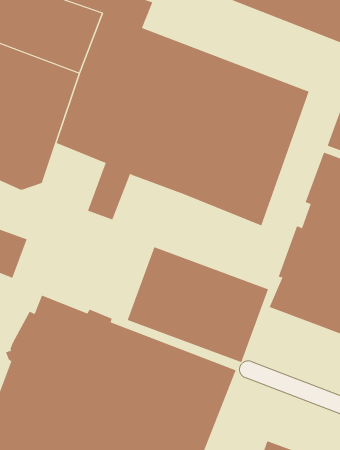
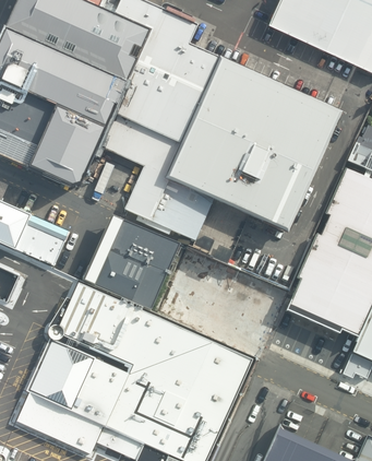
building: none -> [148,178,214,239]
building: none -> [92,218,179,308]

